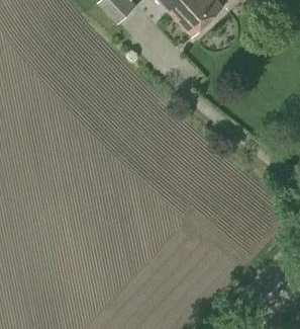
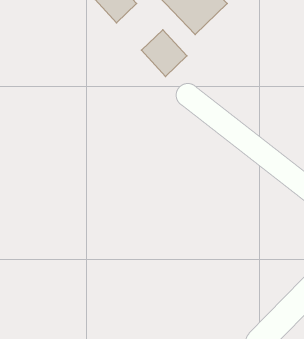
building: none -> [141,30,187,76]

